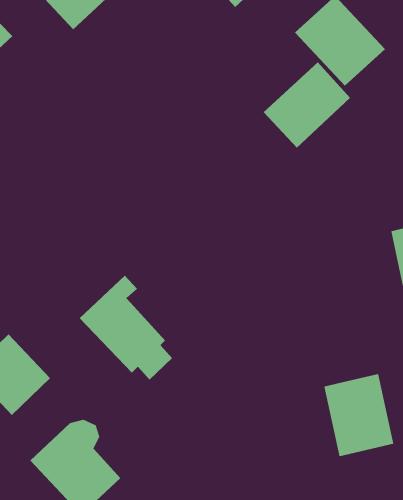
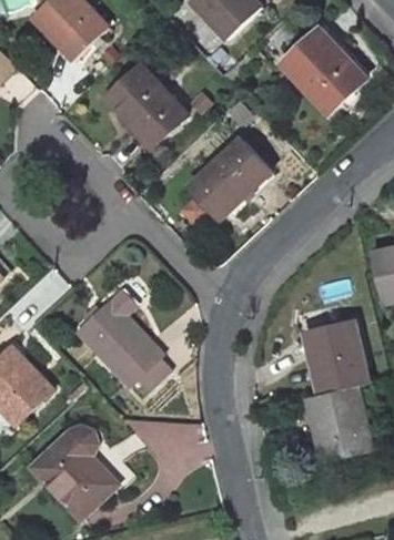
building: none -> [102,62,186,147]
building: [263,62,351,149] -> [188,136,271,218]
building: none -> [303,317,368,394]

